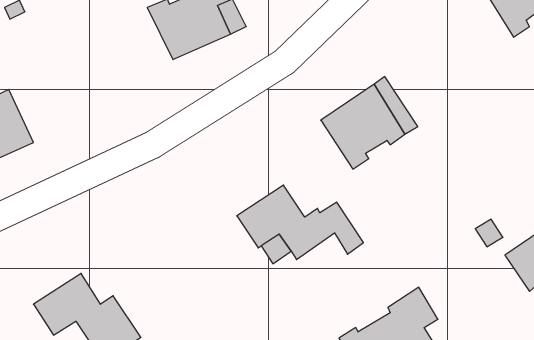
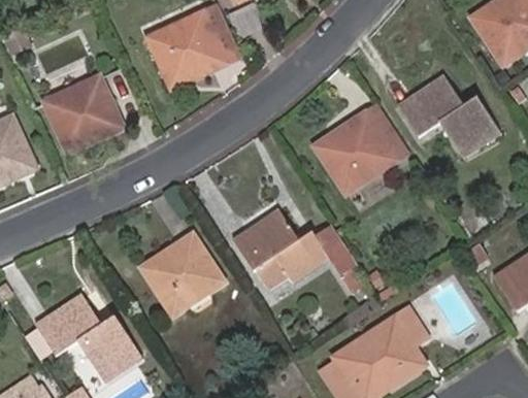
building: none -> [45,76,123,152]
building: none -> [399,77,499,157]
building: none -> [142,234,225,317]

